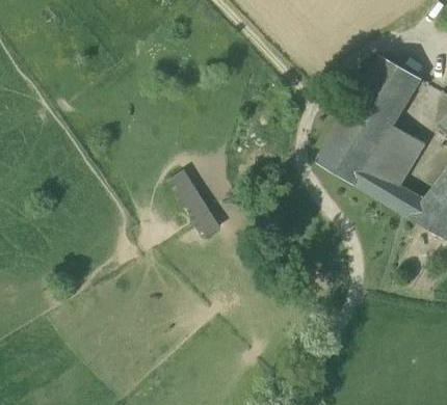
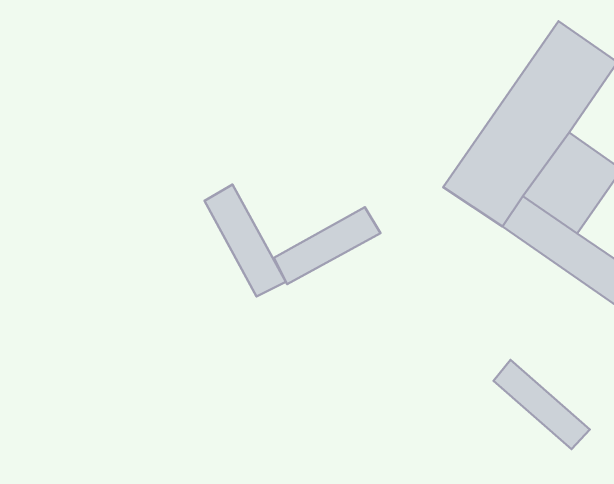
building: none -> [274,207,380,284]
building: none -> [494,360,590,449]

